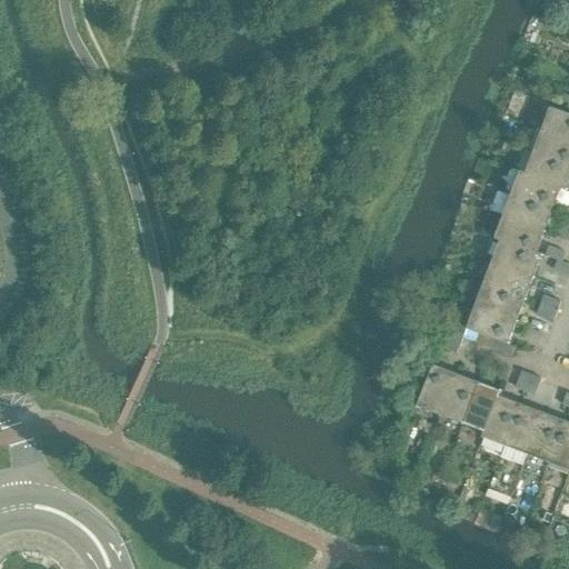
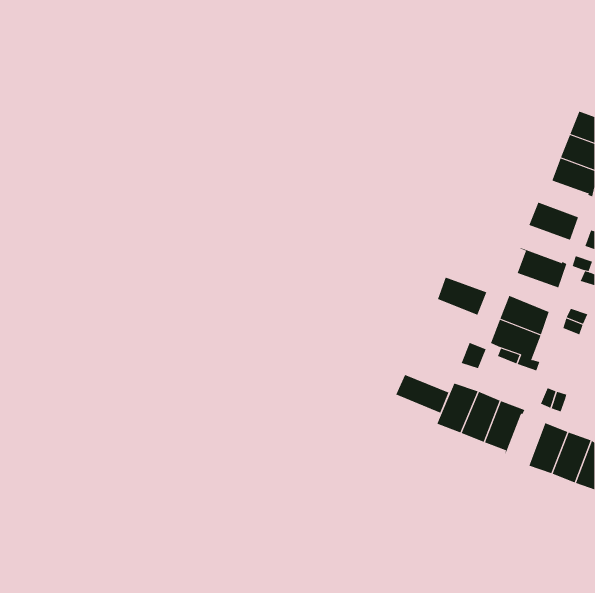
building: [512,169,560,207] -> none
building: [496,214,543,250] -> none
building: [485,260,532,297] -> [437,277,487,315]
building: none -> [396,374,449,414]
building: [481,395,519,443] -> none

